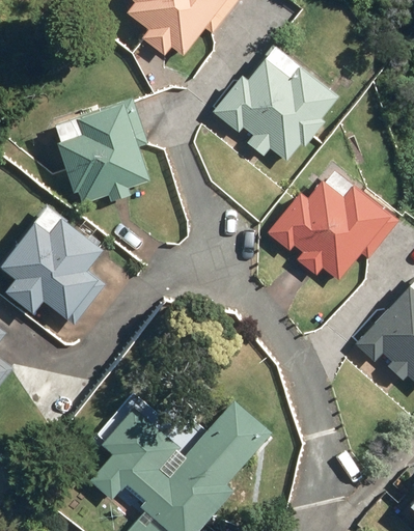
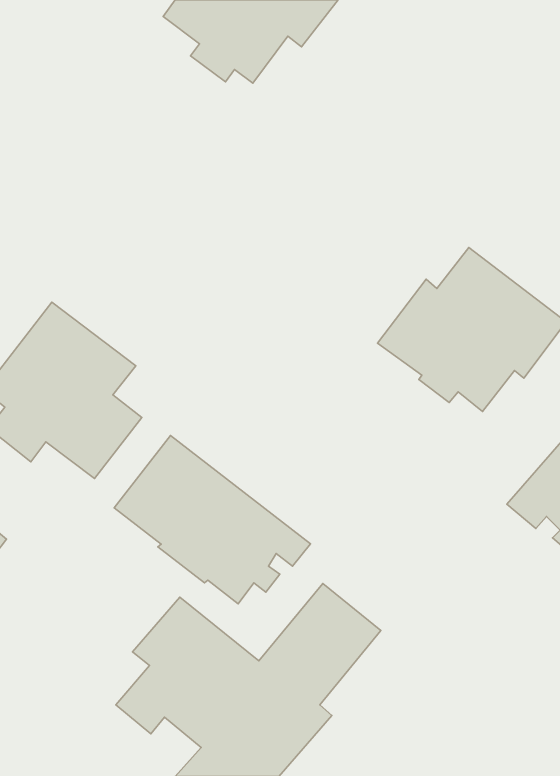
building: [212,46,338,162] -> none
building: [51,96,151,205] -> none
building: none -> [114,436,311,604]

